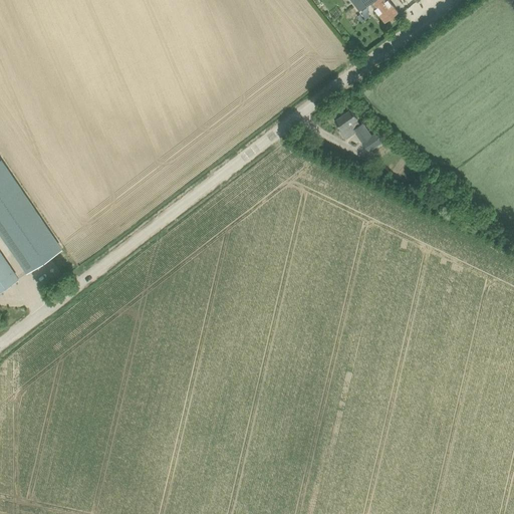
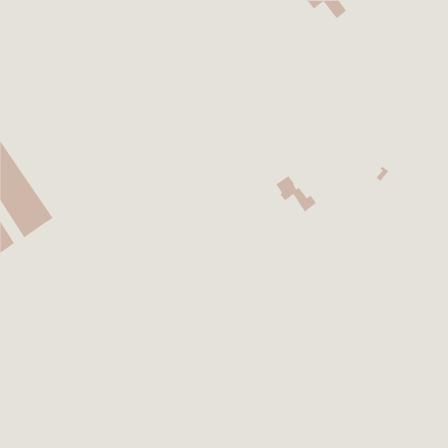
building: [334,110,381,153] -> [276,176,317,213]

